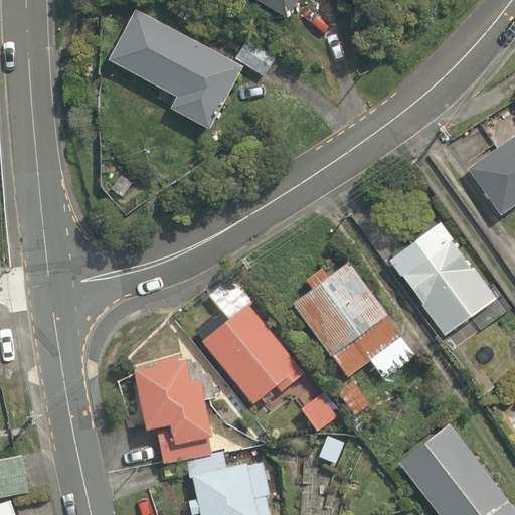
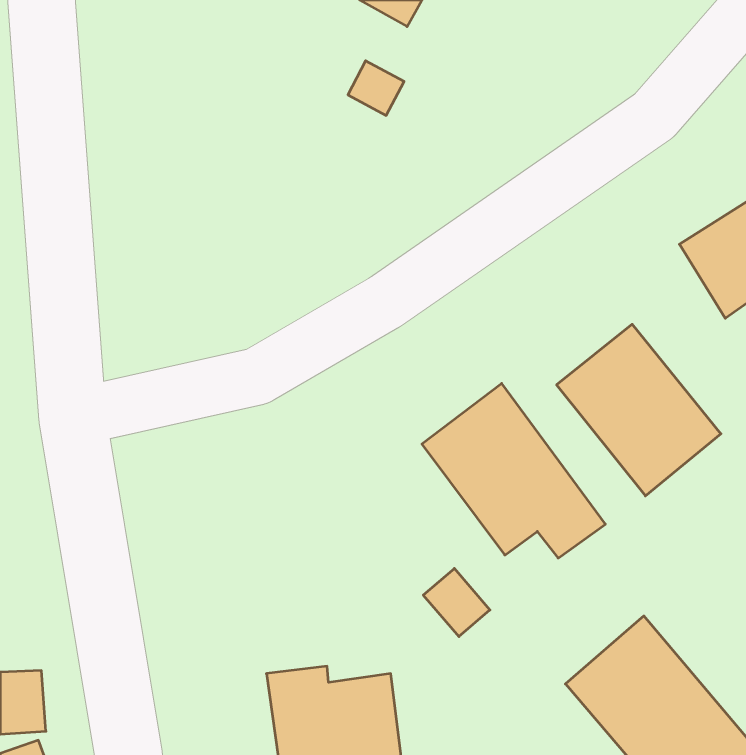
building: [107,8,241,132] -> none
building: [198,306,306,407] -> none
building: [133,361,210,443] -> none

